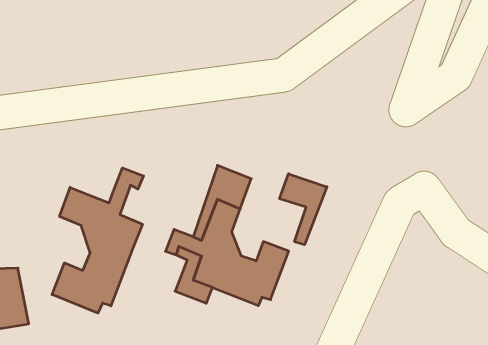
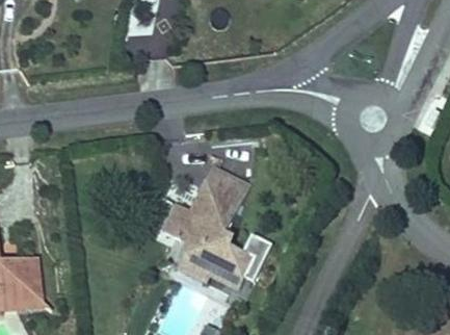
building: [52,168,144,313] -> none
building: [280,174,327,245] -> none

